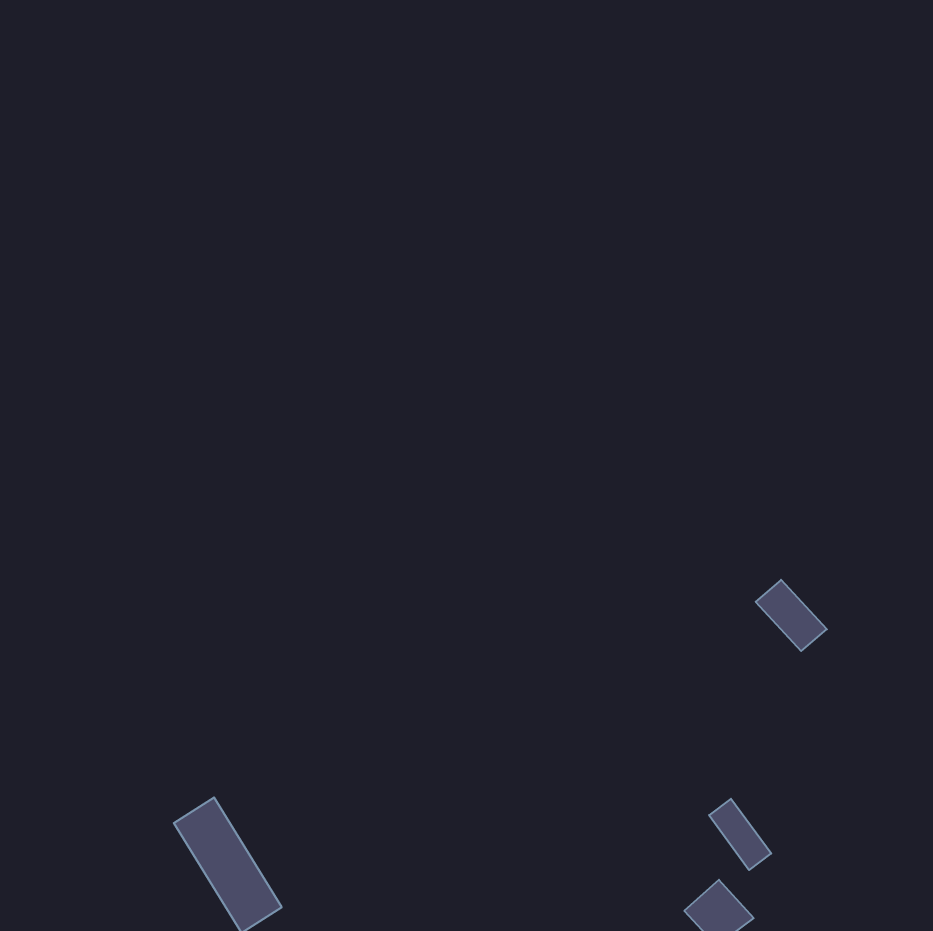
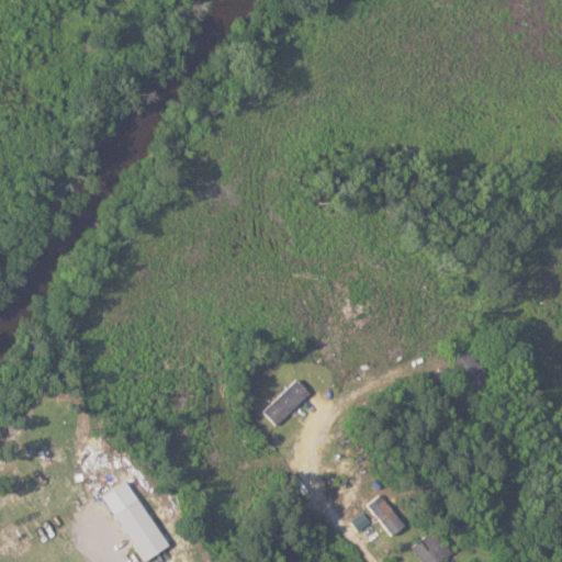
building: none -> [262,379,312,426]
building: [709,799,771,870] -> [368,494,405,537]

